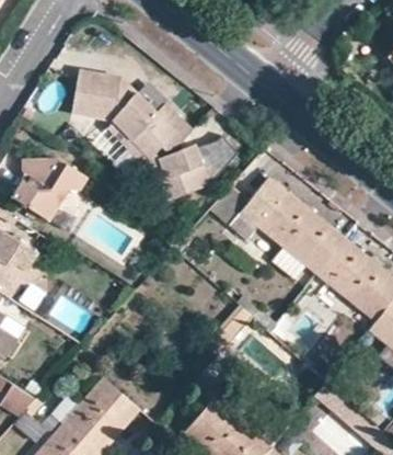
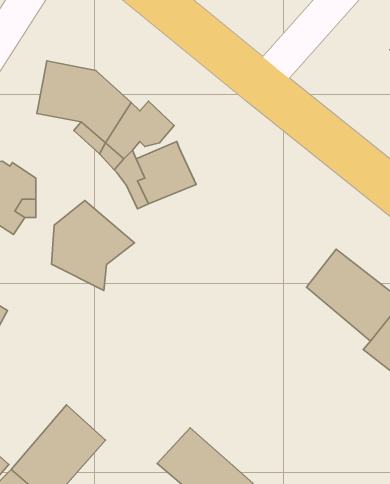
building: [238,174,342,271] -> none
building: none -> [51,201,134,291]

